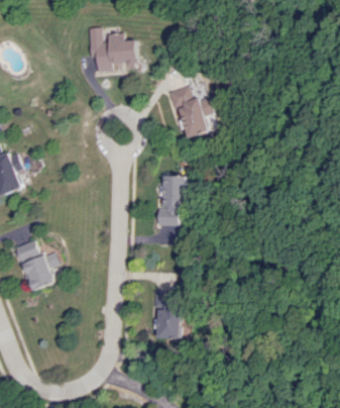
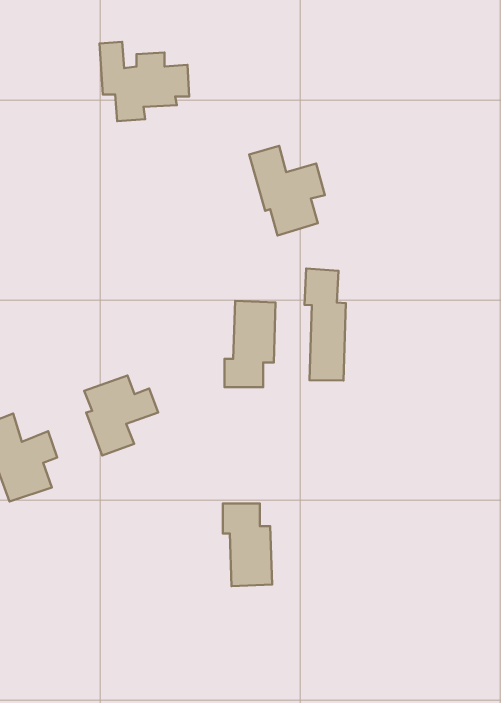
building: none -> [304,268,346,380]
building: none -> [84,375,158,455]

